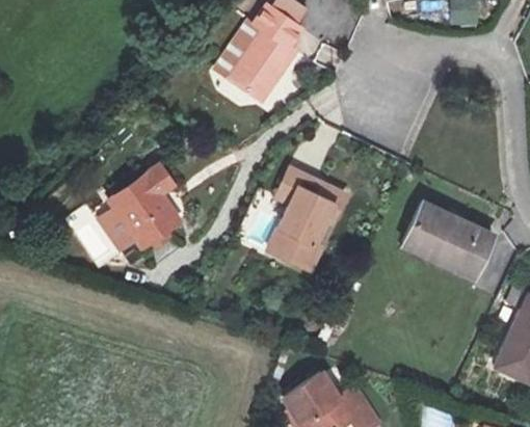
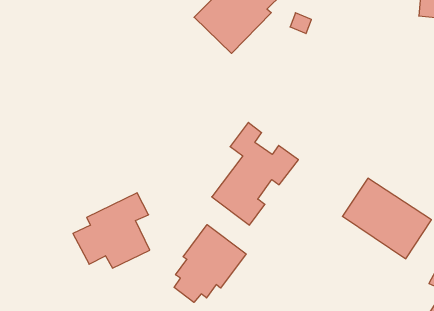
building: [98,166,180,248] -> [73,193,150,268]
building: none -> [174,225,246,302]

